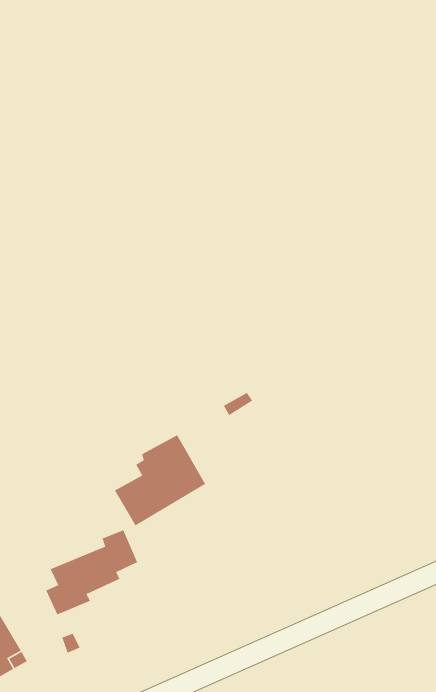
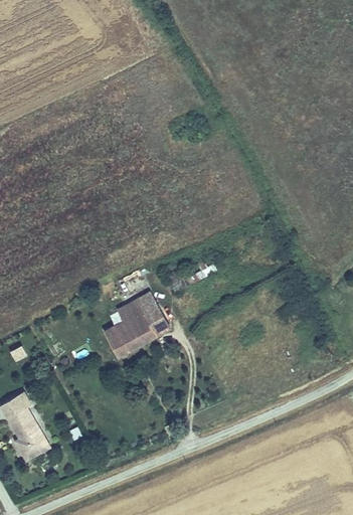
building: [45,529,138,615] -> none

